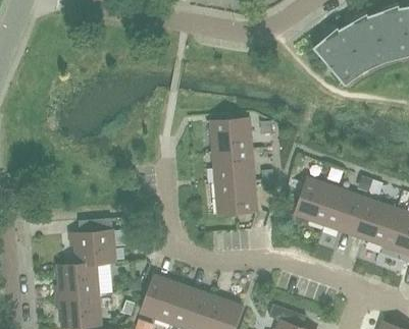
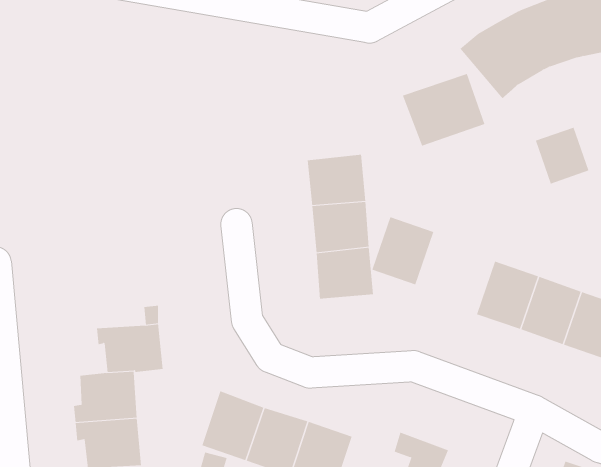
building: none -> [402,73,485,146]
building: none -> [535,127,589,184]
building: [295,179,337,225] -> [372,217,434,285]

